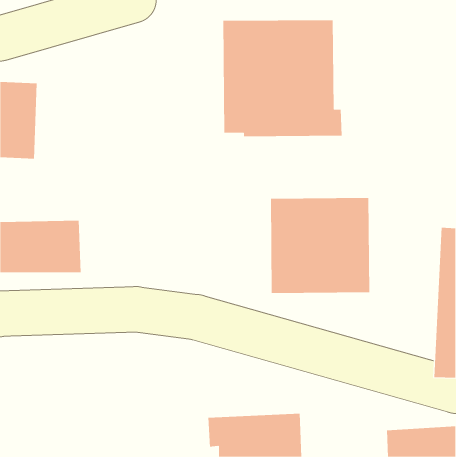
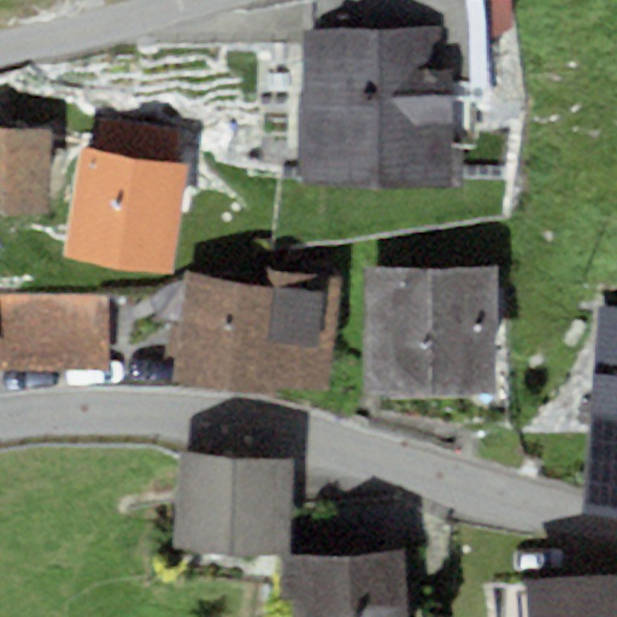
building: none -> [61,151,189,272]
building: none -> [161,270,340,398]
building: none -> [174,453,296,559]

